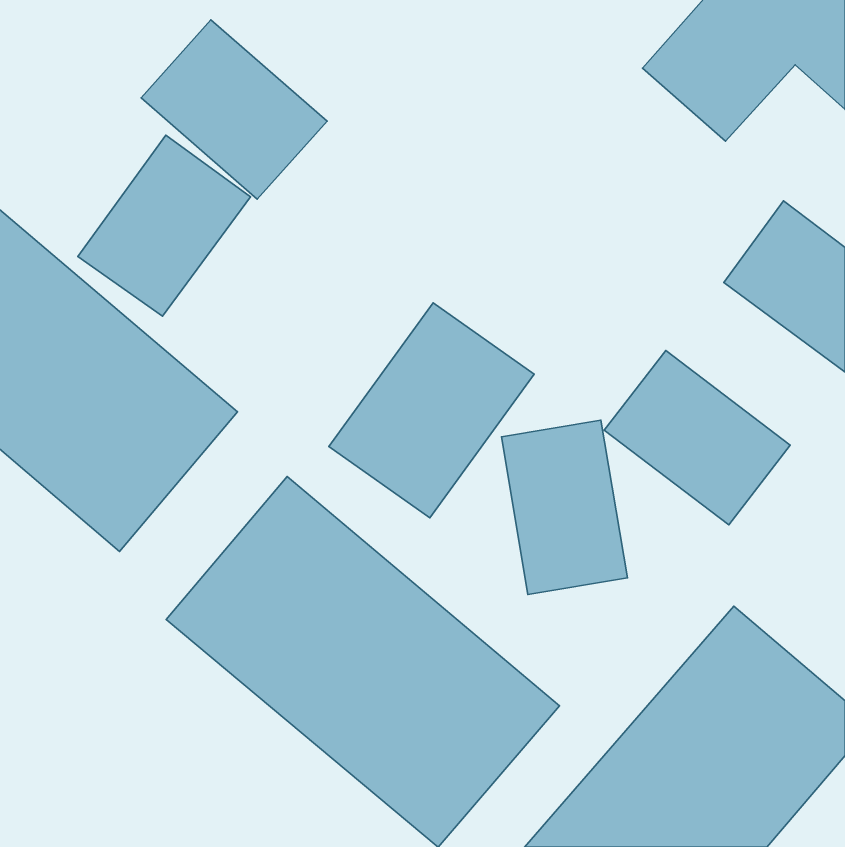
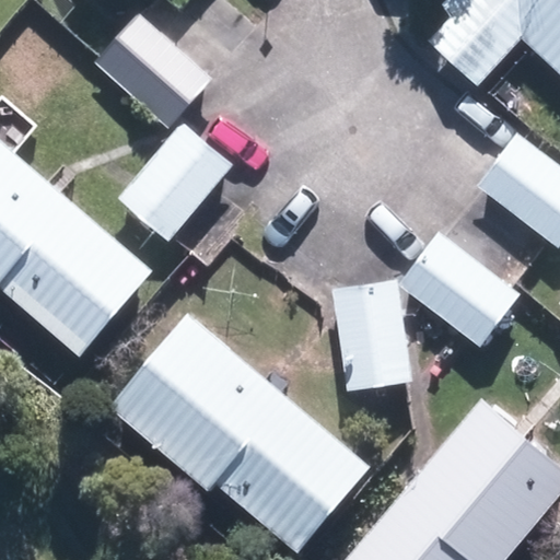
building: [78,135,250,316] -> [125,124,238,243]
building: [329,303,534,518] -> none

